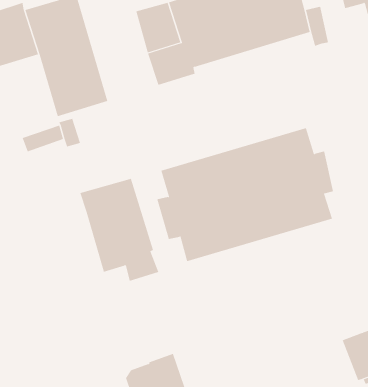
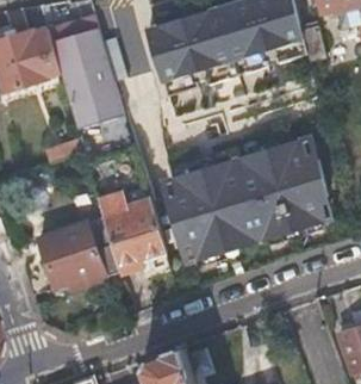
building: none -> [38,216,118,285]

